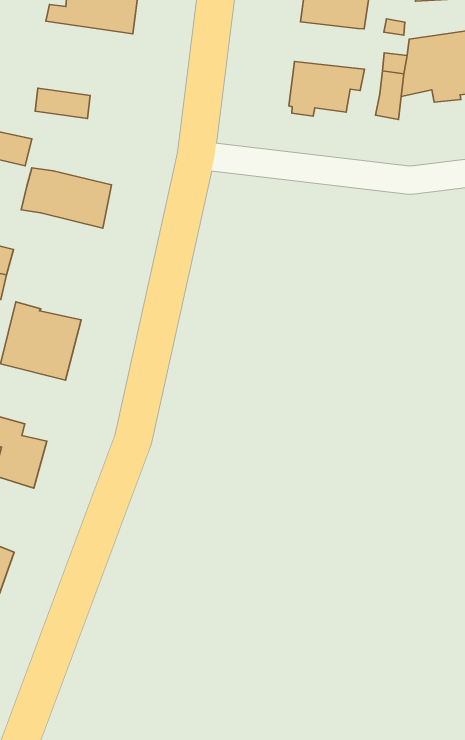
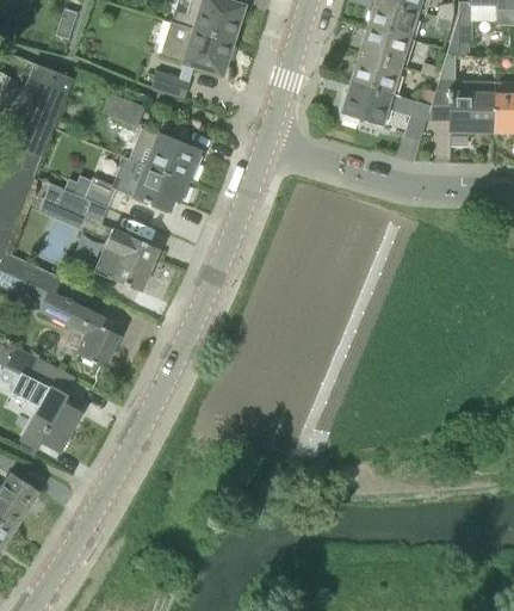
building: none -> [159,21,233,76]
building: none -> [349,54,402,95]
building: none -> [124,163,186,211]

